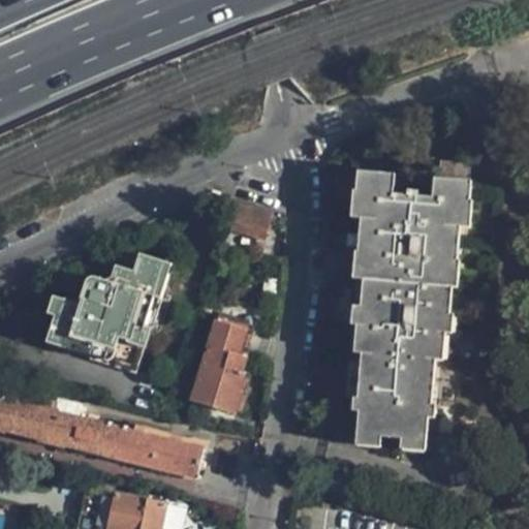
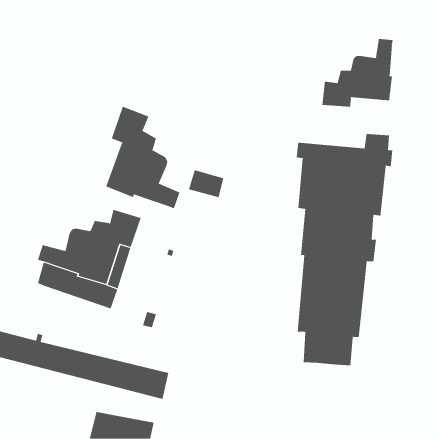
building: none -> [322,38,393,107]
building: none -> [106,106,180,209]
building: [189,319,245,413] -> none

